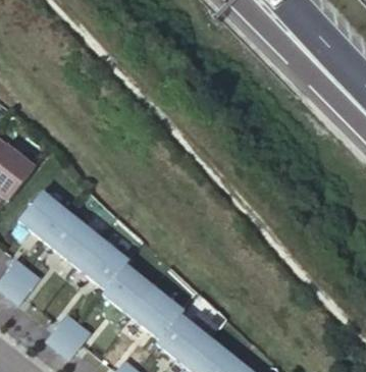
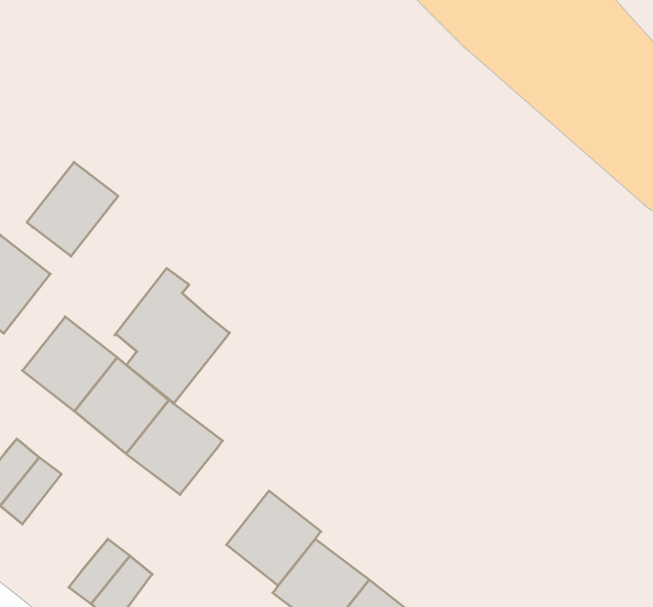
building: none -> [27,162,118,256]
building: none -> [115,268,230,403]
building: [101,262,153,315] -> none

